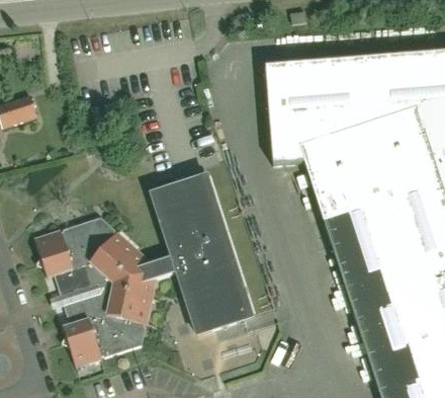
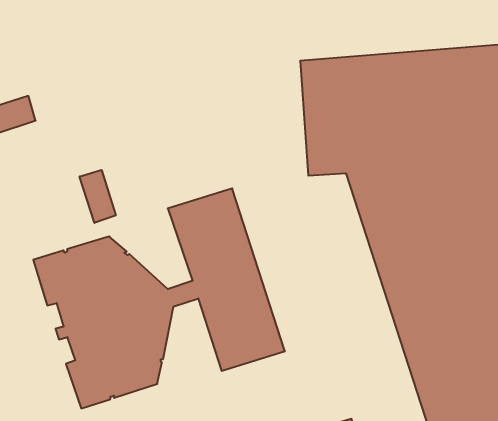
building: none -> [80,170,116,223]

